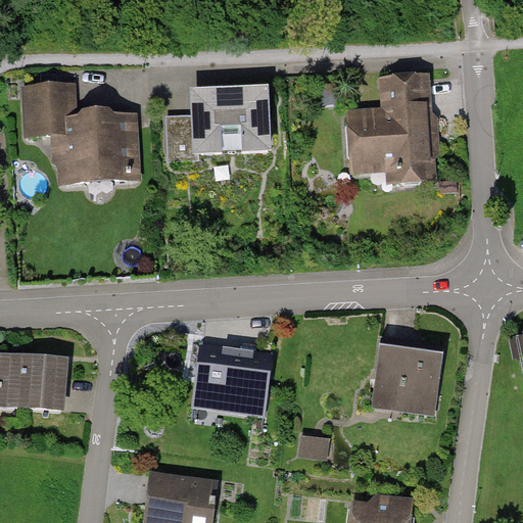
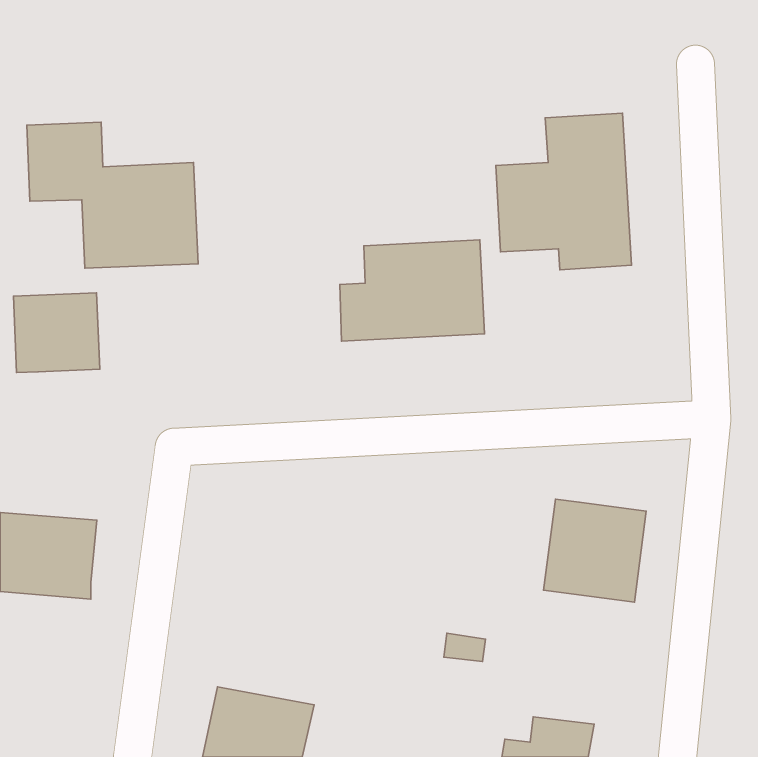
building: [164,87,264,156] -> [340,240,484,341]
building: none -> [13,293,100,373]
building: [196,343,276,415] -> none

